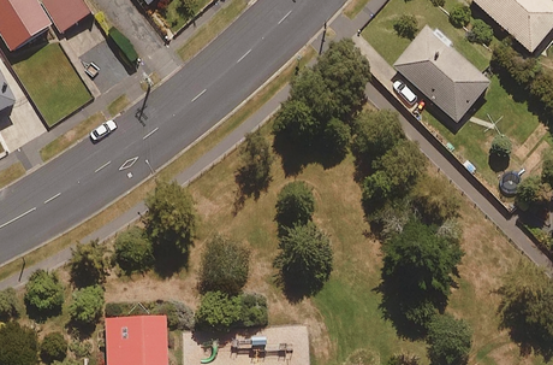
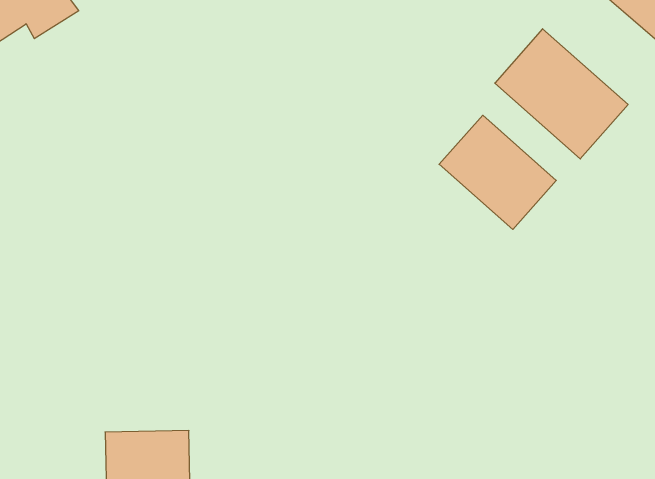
building: none -> [439,115,556,229]

